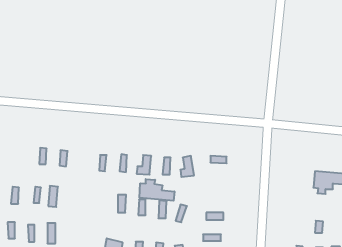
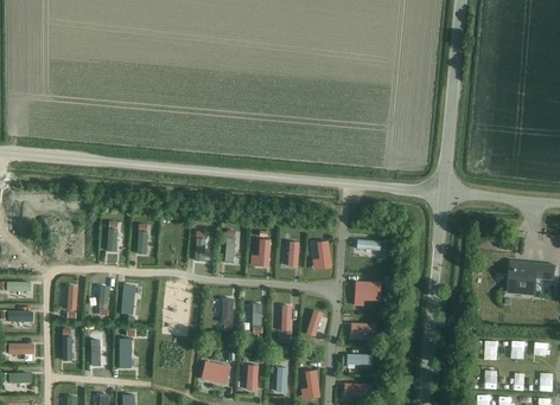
building: [139,179,174,201] -> none
building: none -> [355,281,382,306]

